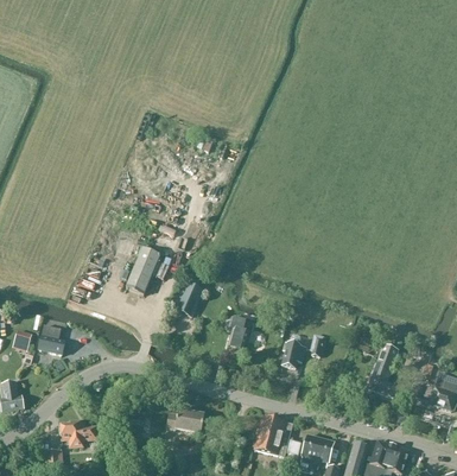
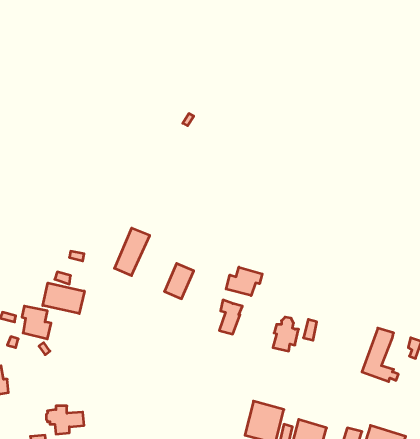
building: none -> [226,267,262,296]
building: none -> [43,283,84,314]
building: [166,405,205,434] -> none

